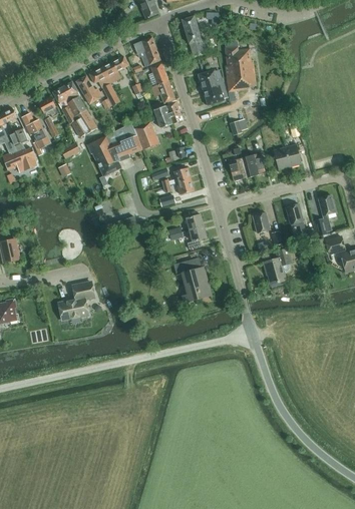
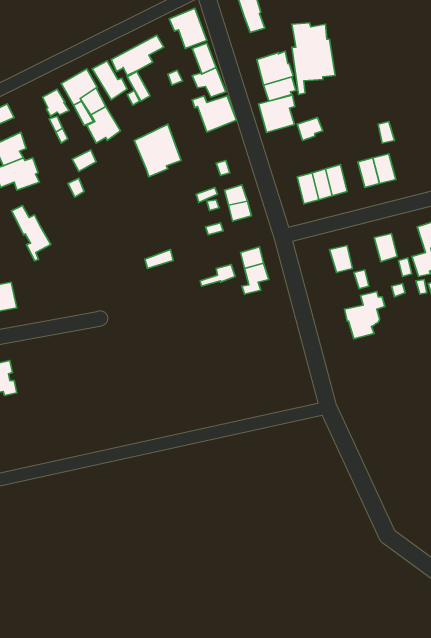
building: none -> [258,95,295,133]
building: [21,113,50,154] -> [12,205,51,261]
building: [133,121,157,149] -> none
building: [87,134,120,175] -> none
building: [172,258,211,302] -> none
building: [58,282,93,320] -> none

